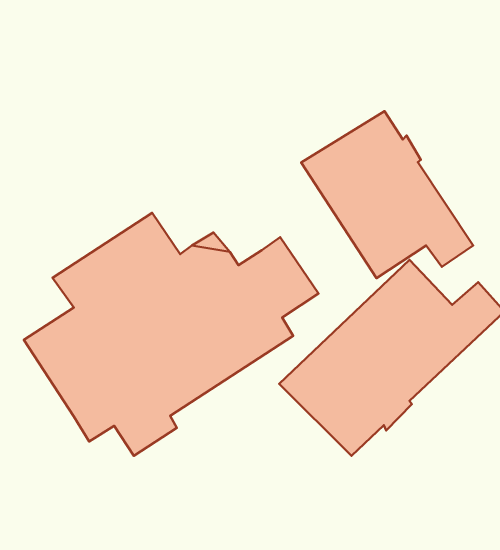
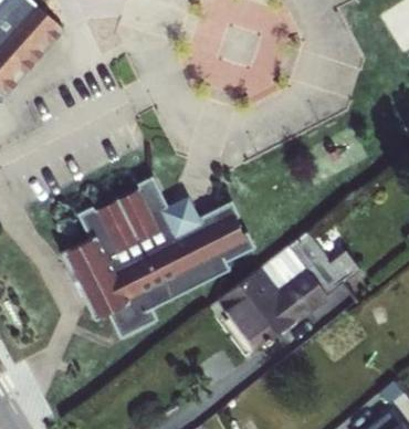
building: [301,111,473,278] -> none

